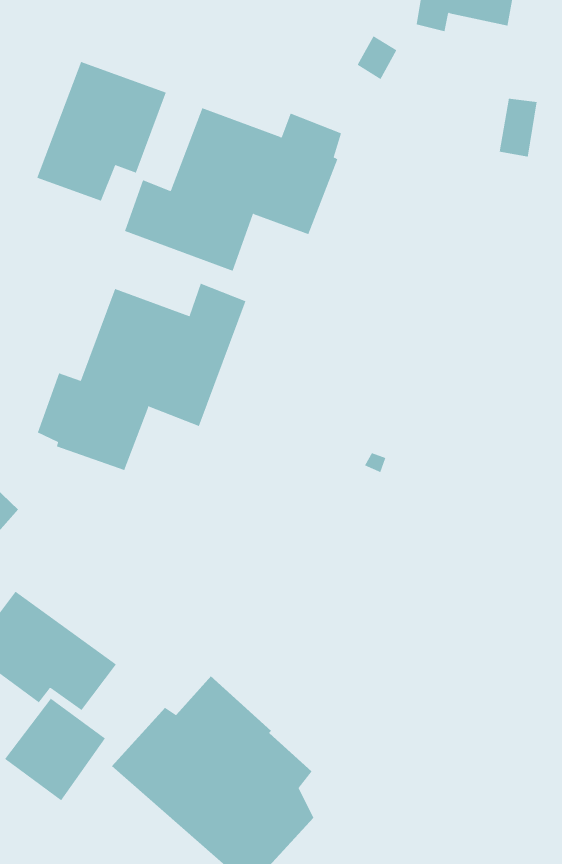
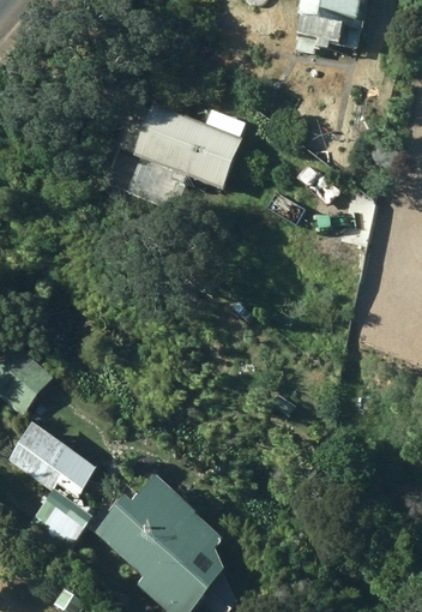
building: [36,61,167,201] -> none
building: [37,283,246,471] -> none

